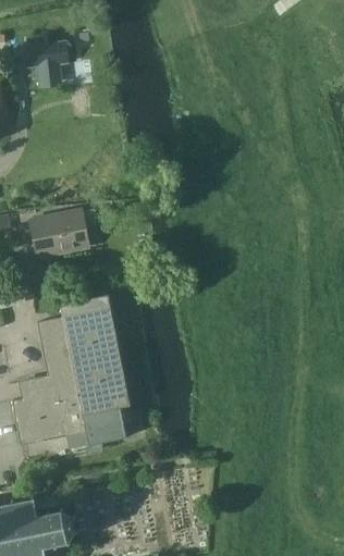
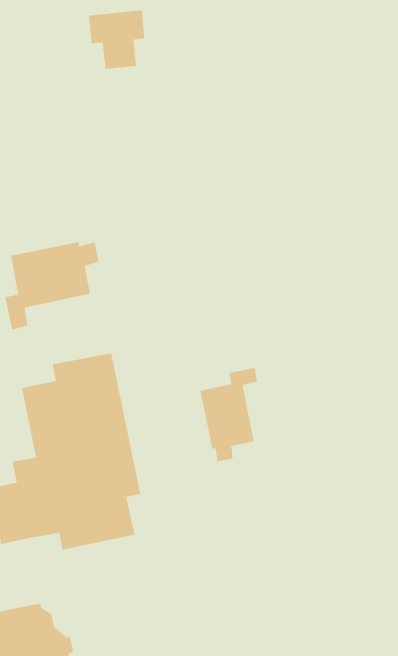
building: [27,46,72,92] -> [88,10,145,69]
building: none -> [199,367,258,462]

